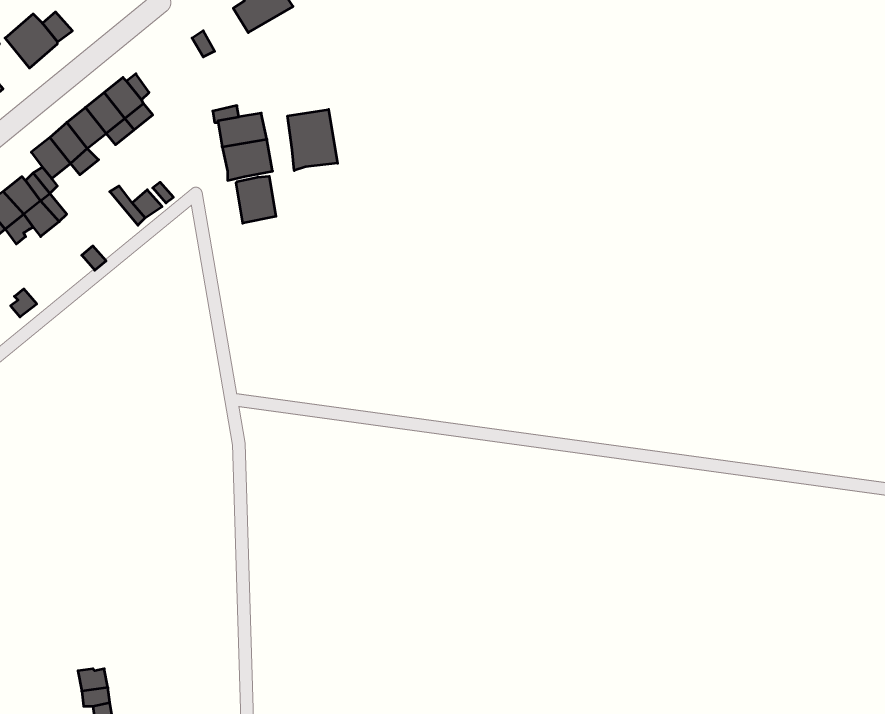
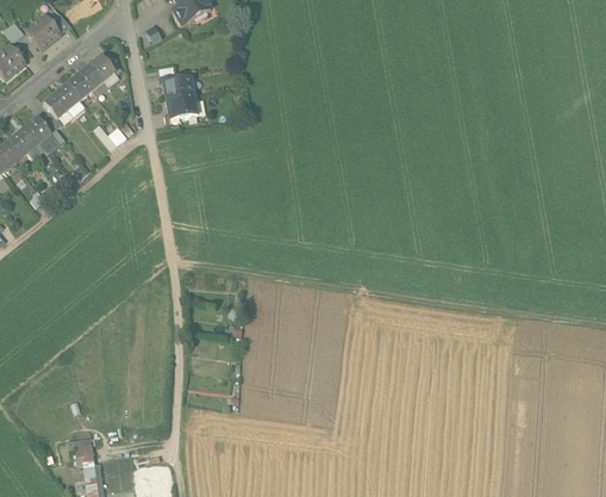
building: [288,109,338,171] -> none
building: [236,176,276,223] -> none

